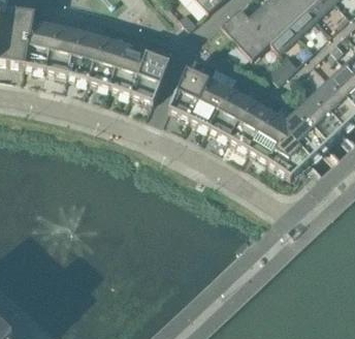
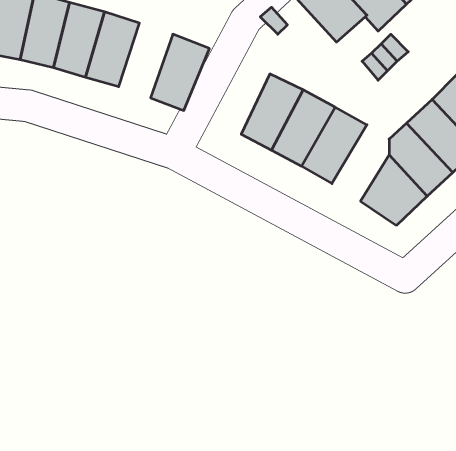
building: [110,45,146,94] -> none
building: [168,68,208,118] -> none
building: [249,112,286,161] -> none

